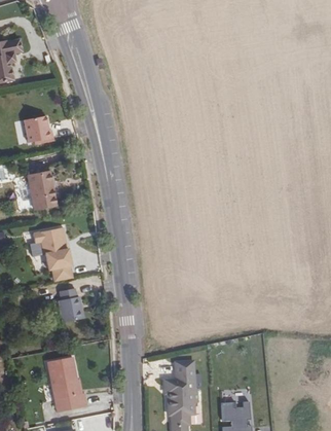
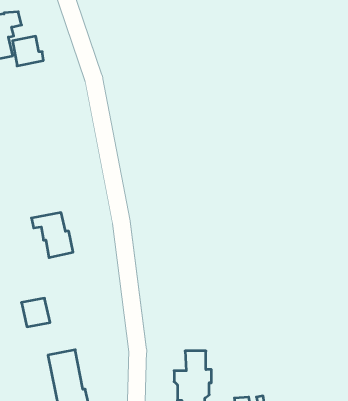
building: [24,115,52,143] -> [13,36,43,66]
building: [27,171,56,210] -> none
building: [58,296,84,323] -> [21,298,50,327]

